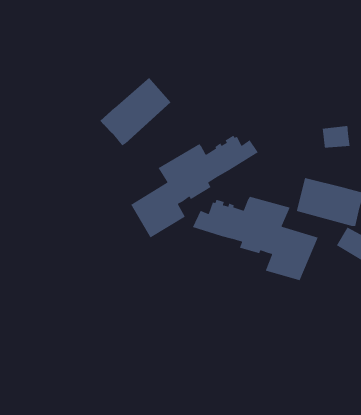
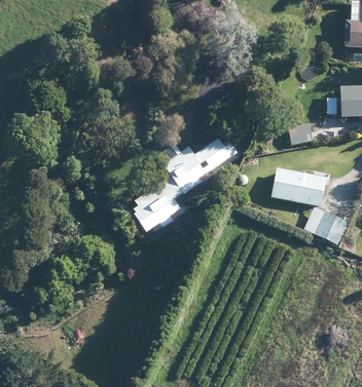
building: [100,77,172,146] -> none
building: [192,196,319,281] -> none

